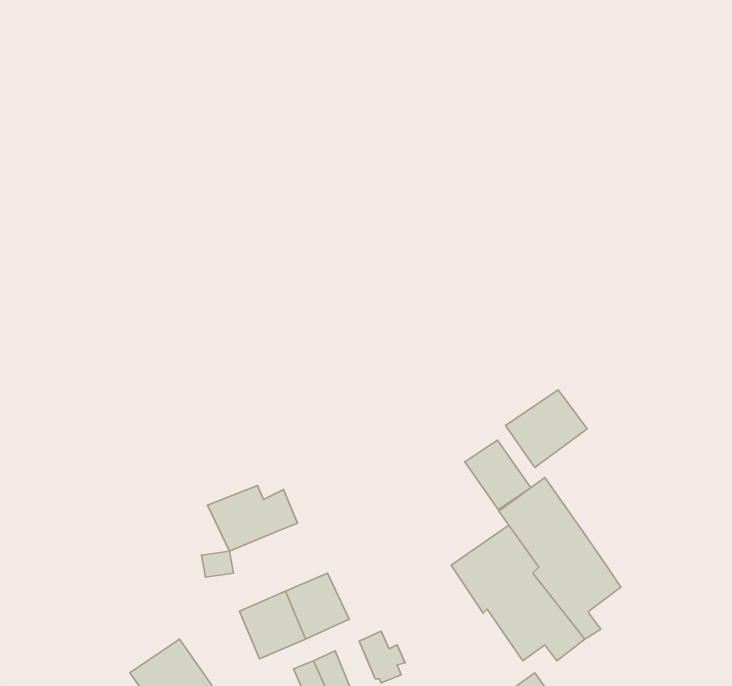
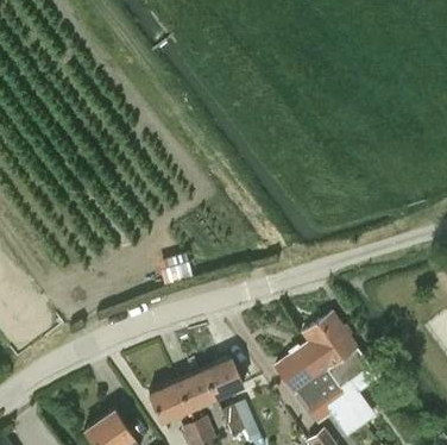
building: [505,390,587,467] -> none
building: [465,440,531,510] -> none
building: [208,485,297,551] -> [202,359,256,399]

